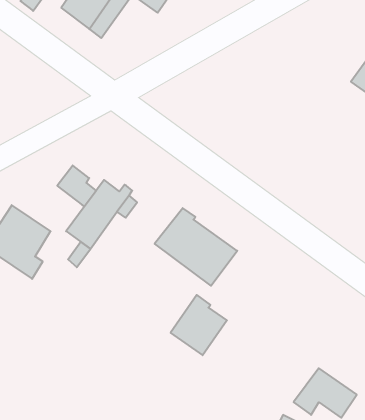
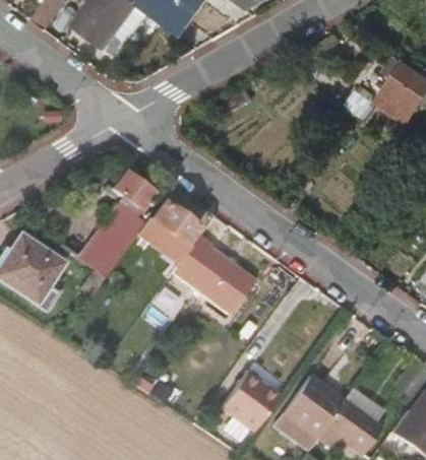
building: [57,165,96,206] -> [112,169,153,211]
building: none -> [149,202,196,246]
building: [171,295,227,355] -> [220,369,279,432]
building: none -> [283,379,342,438]

